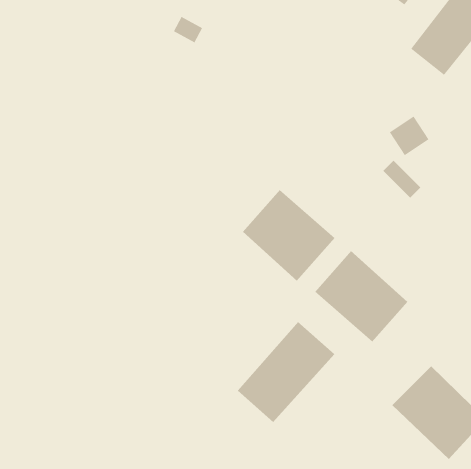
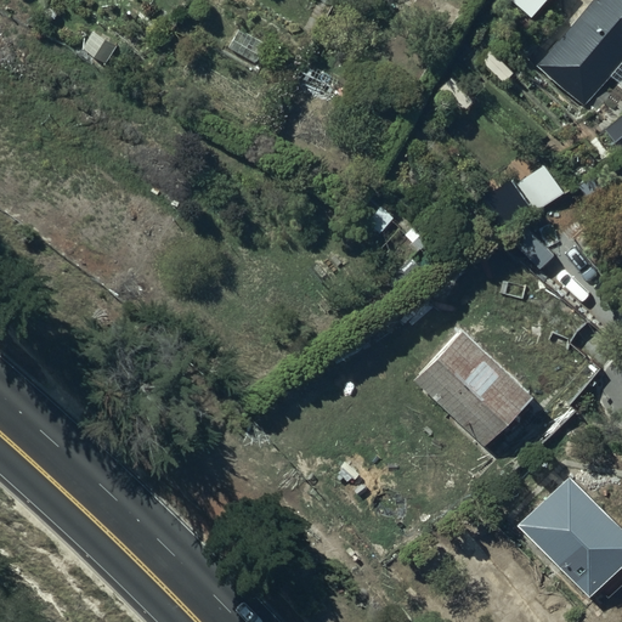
building: [242,189,336,281] -> none
building: [237,321,335,423] -> none

